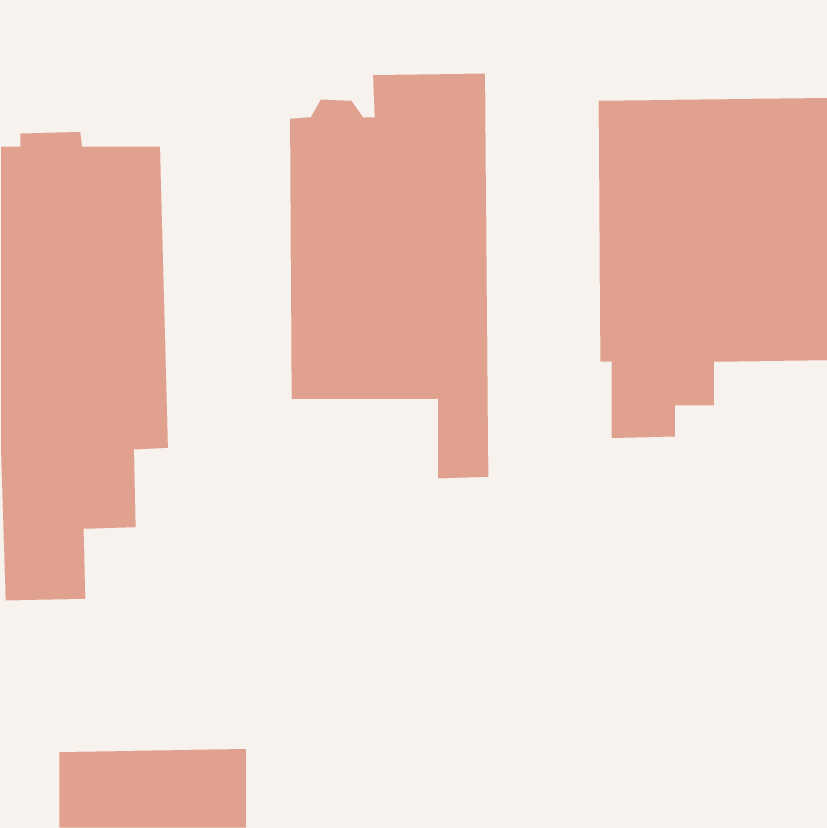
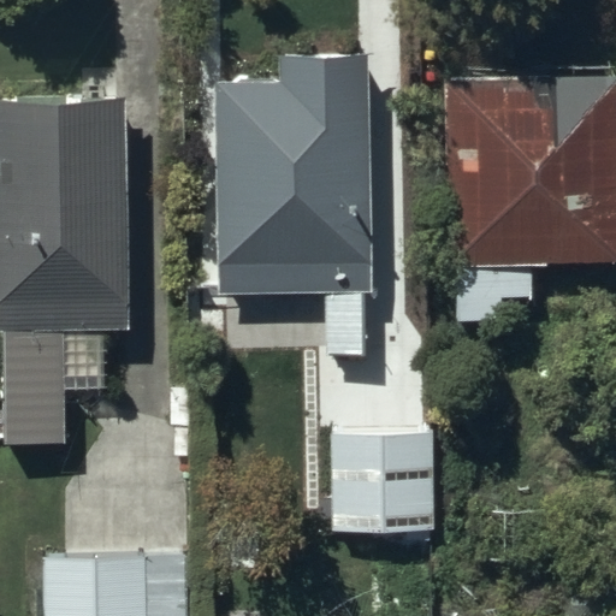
building: none -> [330,425,432,533]

